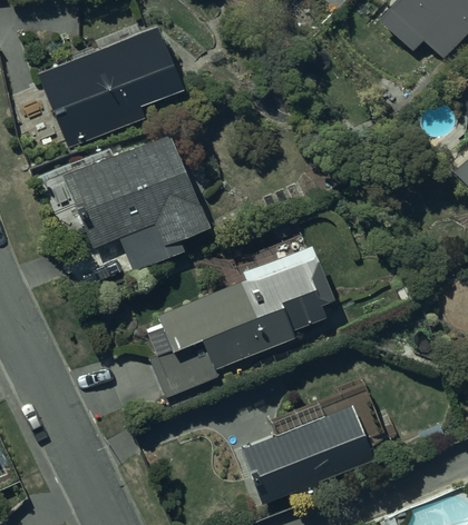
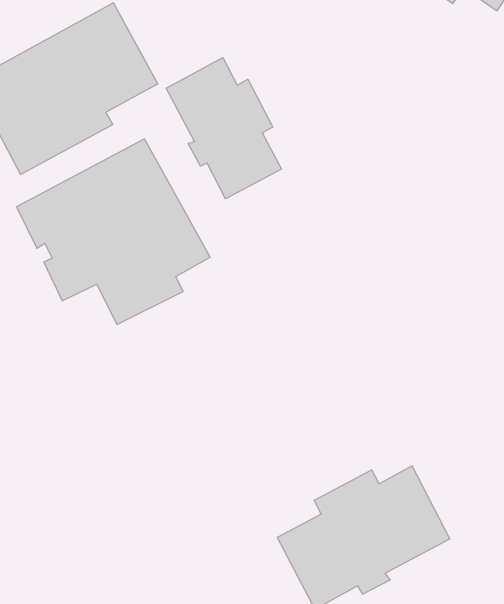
building: none -> [166,58,281,199]
building: [152,241,333,398] -> none

